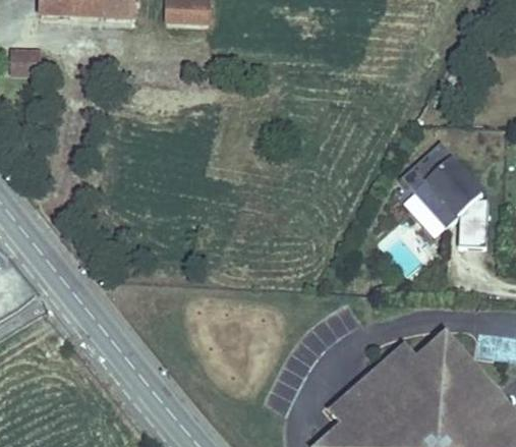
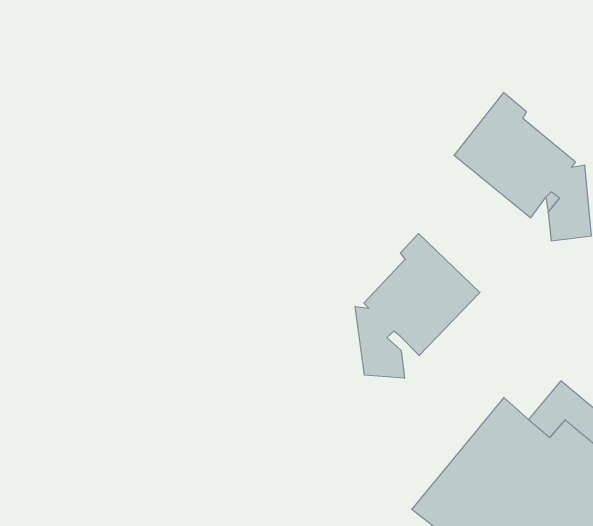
building: none -> [355,234,480,378]

